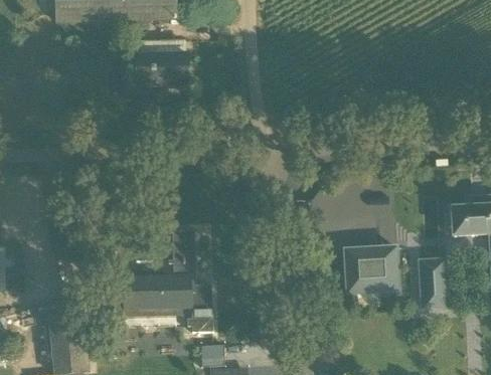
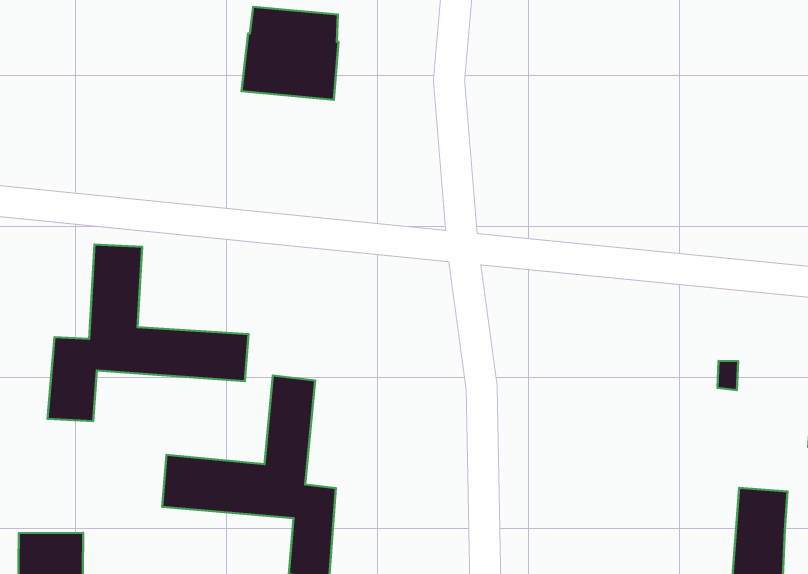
building: none -> [47,244,248,421]
building: [344,249,396,297] -> none

